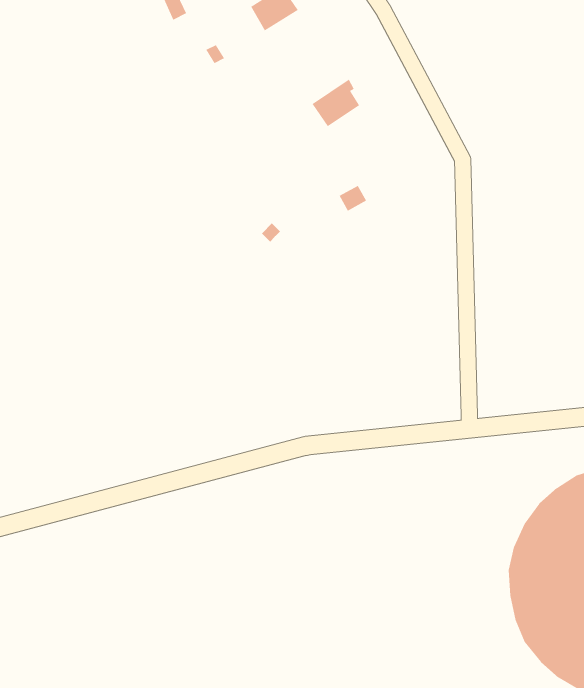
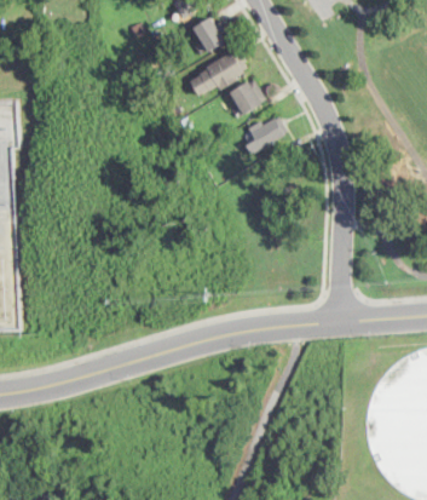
building: none -> [190,48,247,94]
building: none -> [248,116,287,150]

